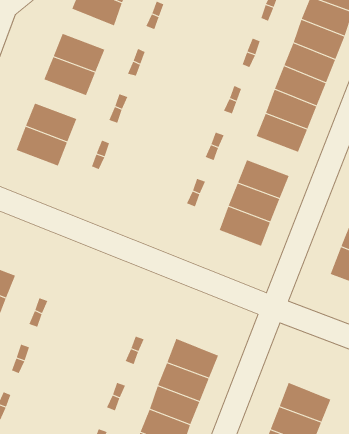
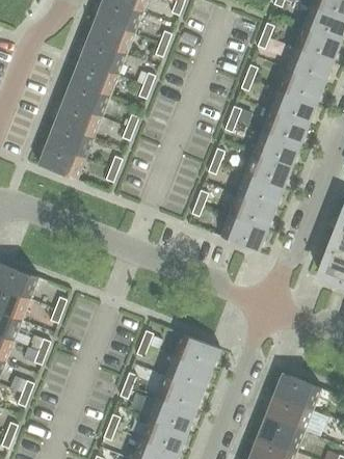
building: none -> [79,38,126,75]
building: none -> [54,102,101,137]
building: none -> [244,153,291,188]

